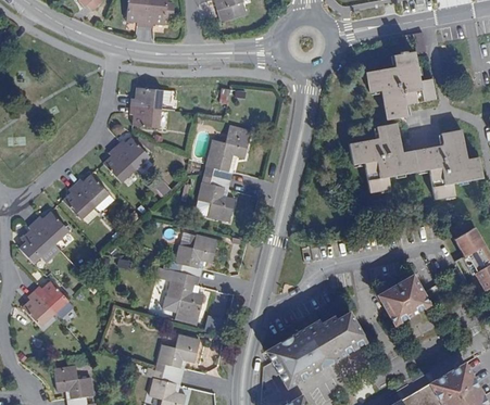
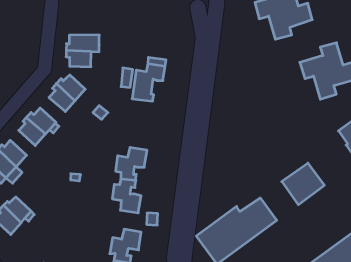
building: [350,123,419,192] -> none
building: [198,174,235,219] -> none

